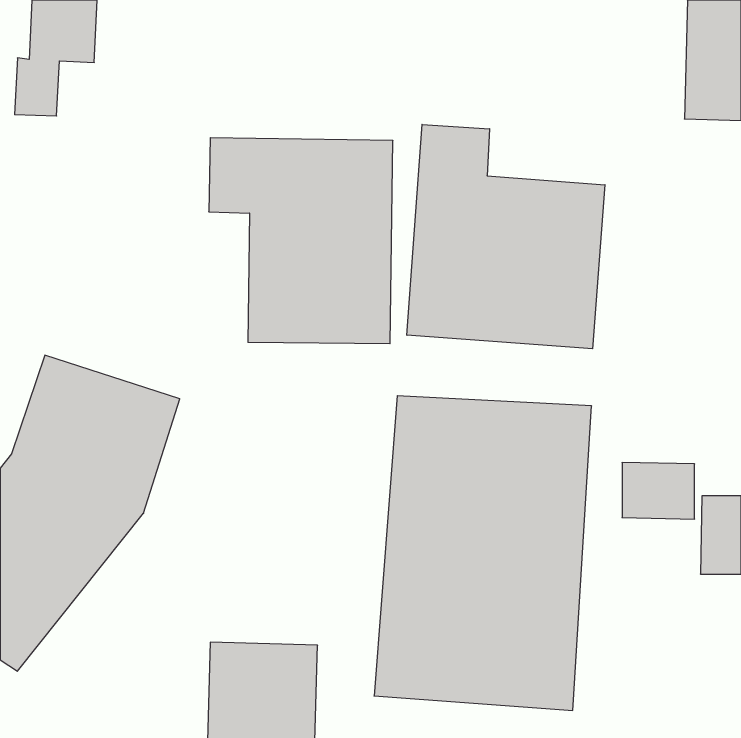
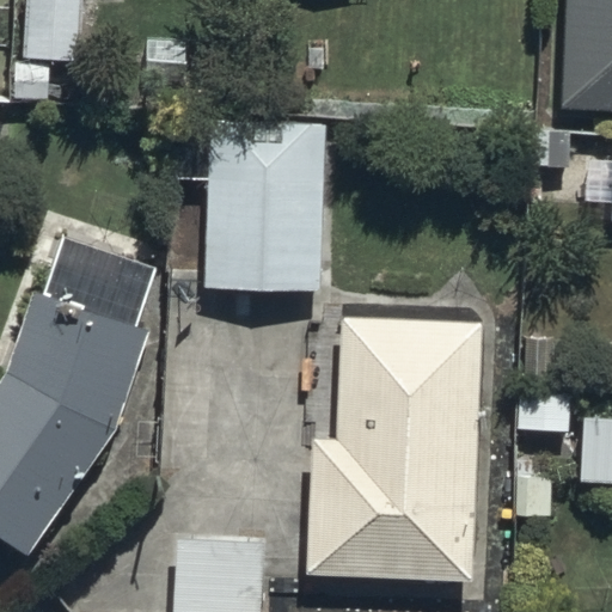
building: [407,124,605,349] -> none

